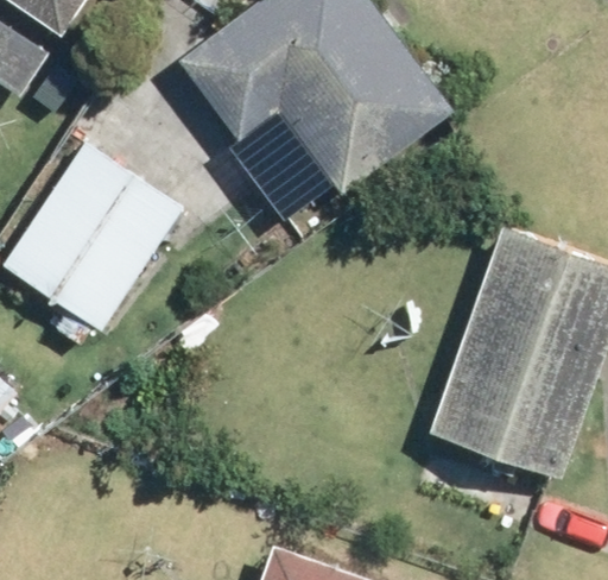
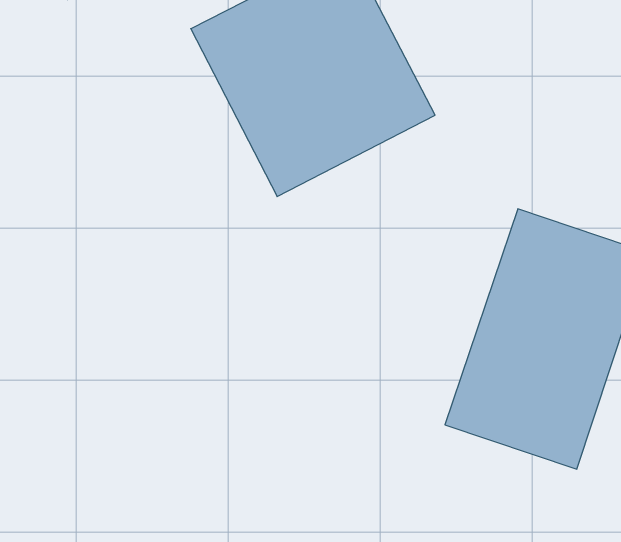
building: [12,145,175,319] -> none

